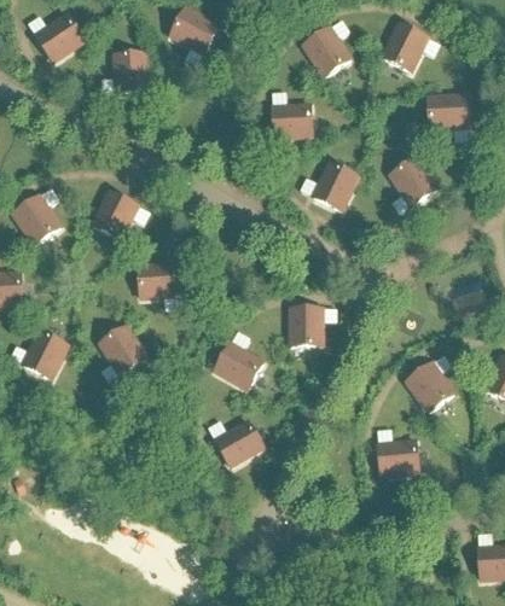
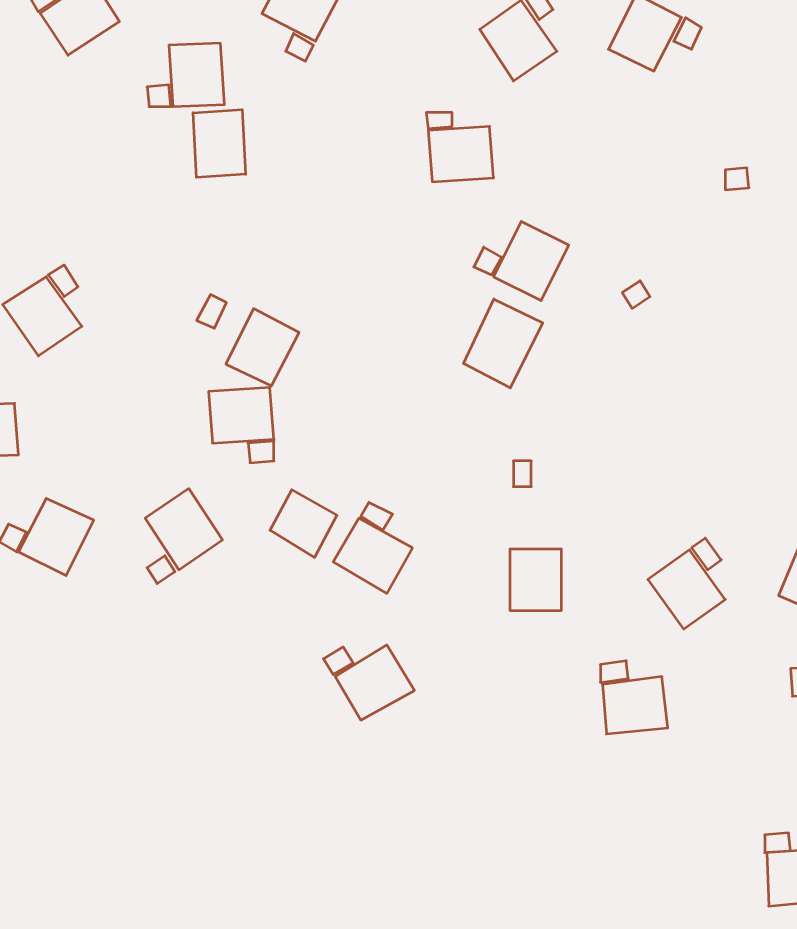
building: none -> [193,110,246,177]
building: [428,94,466,128] -> none
building: [390,157,436,205] -> none
building: [92,191,137,238] -> [226,309,299,386]
building: none -> [464,299,543,388]
building: [290,308,321,345] -> [510,549,561,610]
building: none -> [270,490,337,557]

